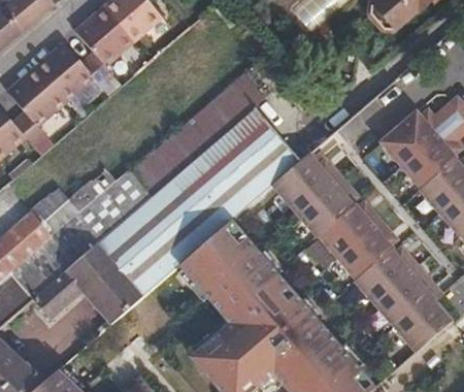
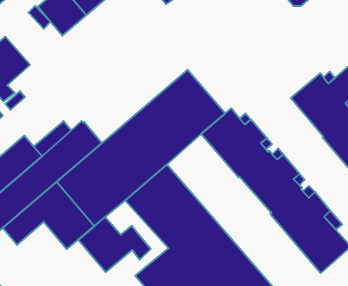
building: [35,42,113,101] -> none
building: [130,72,266,196] -> none
building: none -> [78,217,151,272]

